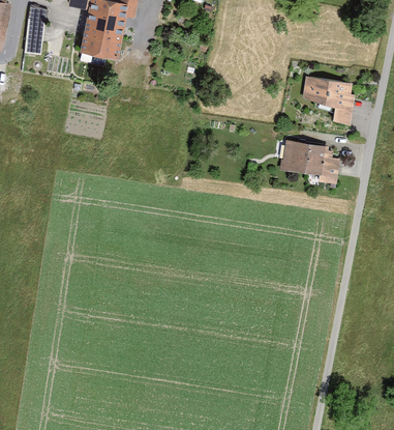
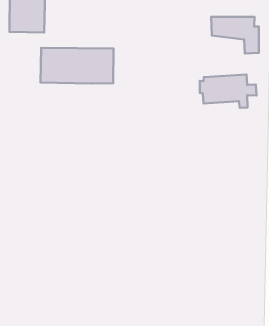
building: none -> [40,48,114,83]

